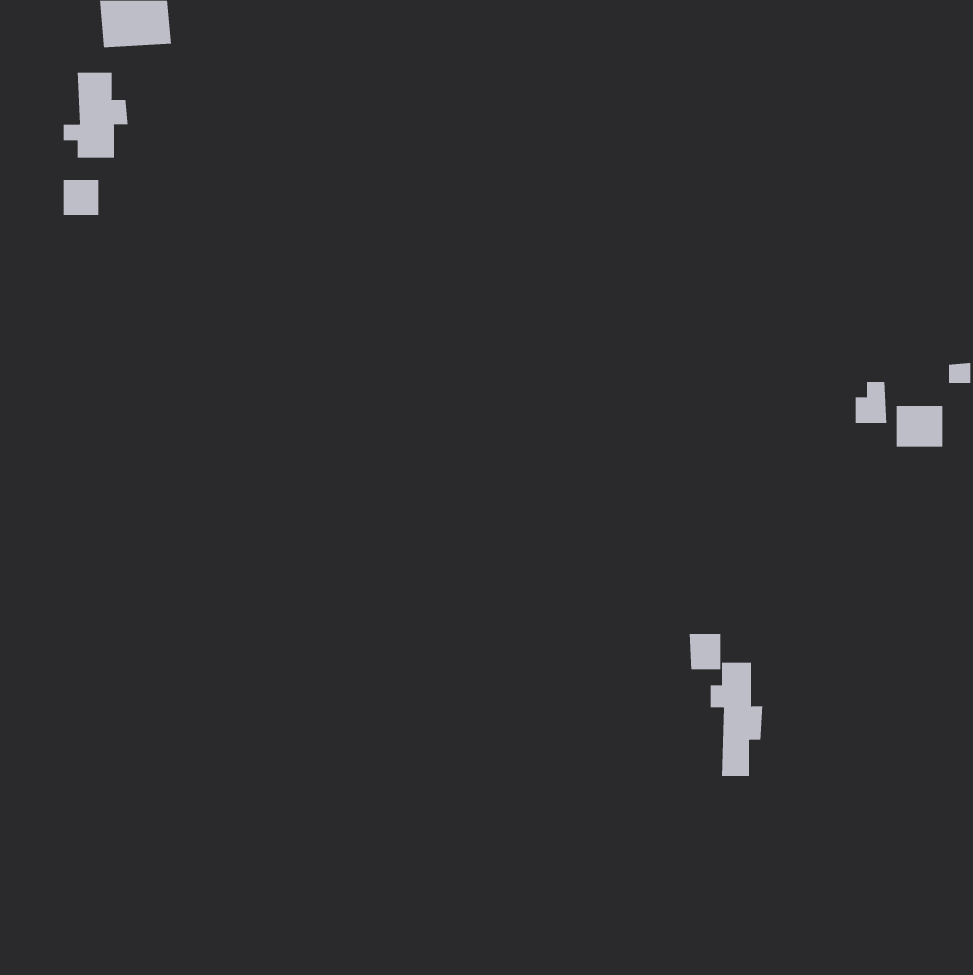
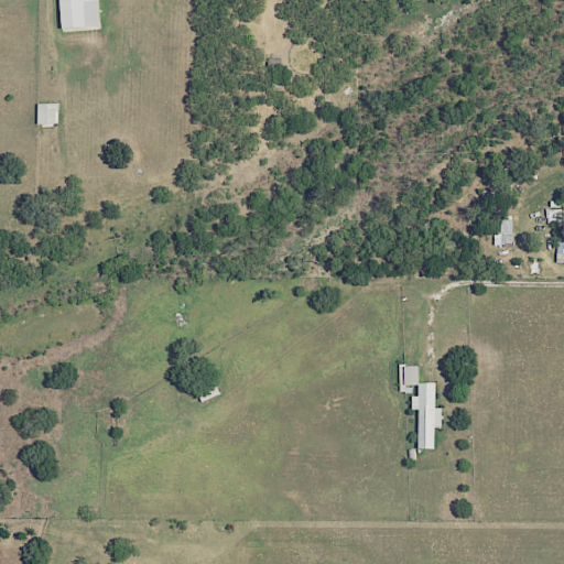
building: [63,72,128,158] -> none
building: [896,405,943,448] -> none

